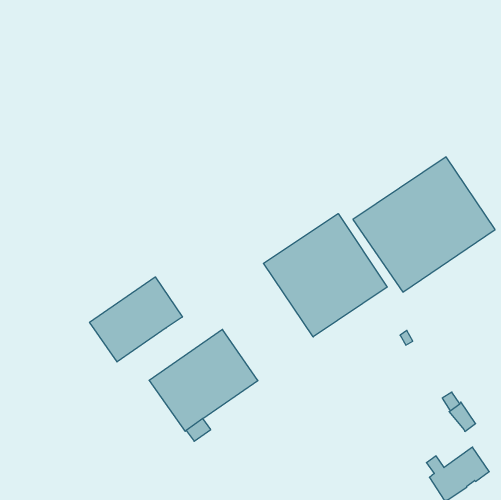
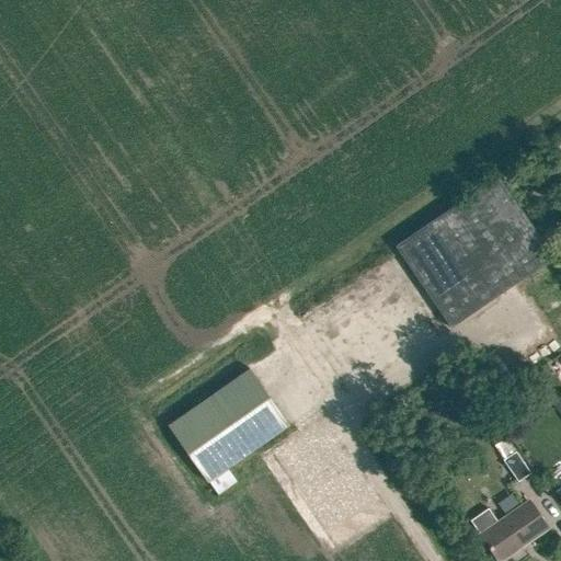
building: [263,214,387,337] -> none
building: [90,277,182,362] -> none

